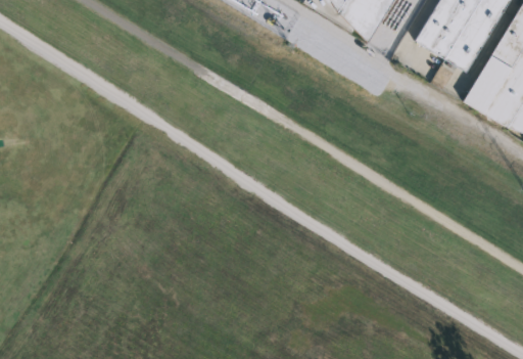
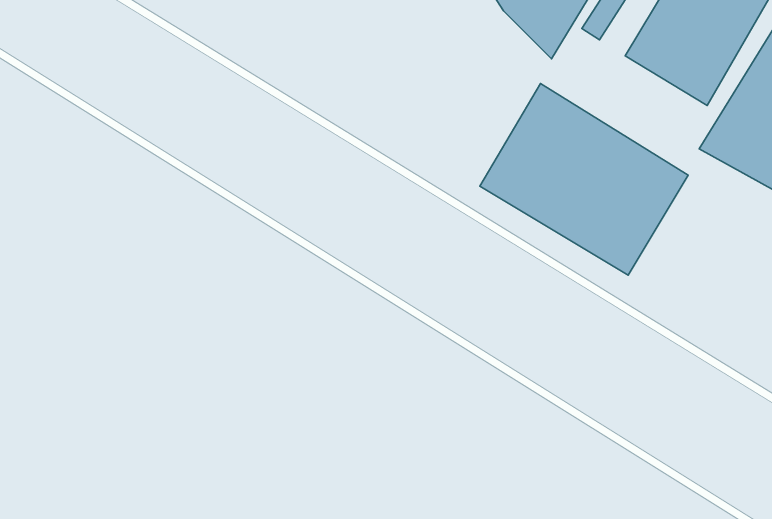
building: none -> [480,83,688,275]

